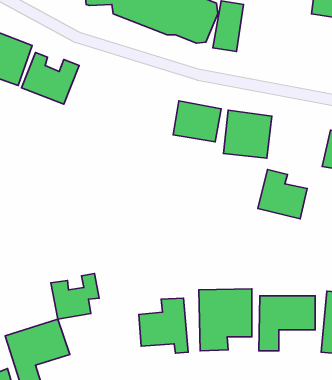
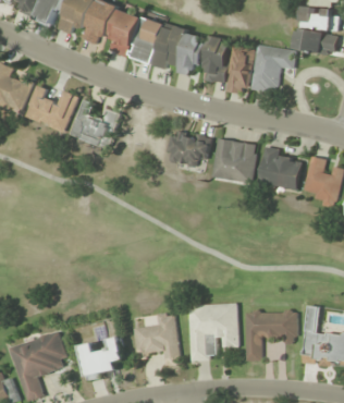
building: none -> [228,44,295,95]
building: none -> [71,100,121,149]
building: [258,170,307,219] -> [257,146,303,192]
building: [51,273,99,319] -> [81,337,125,379]

